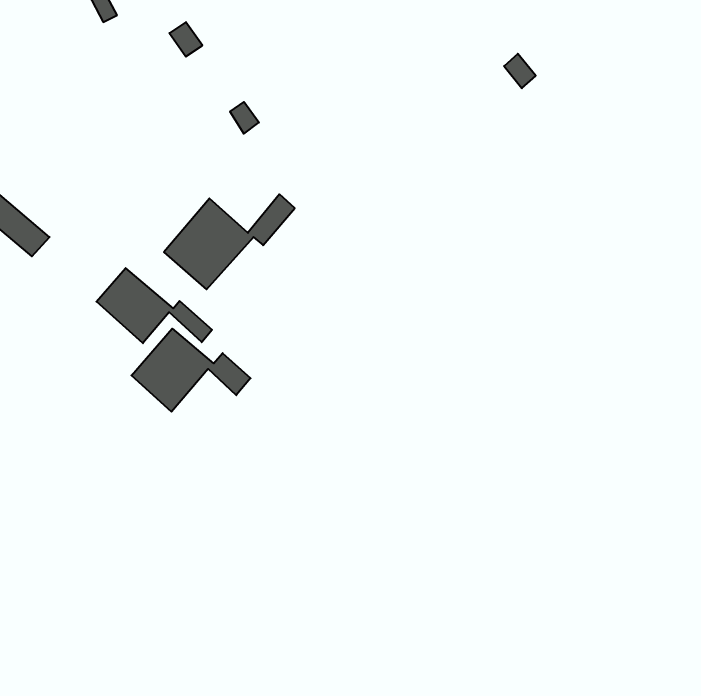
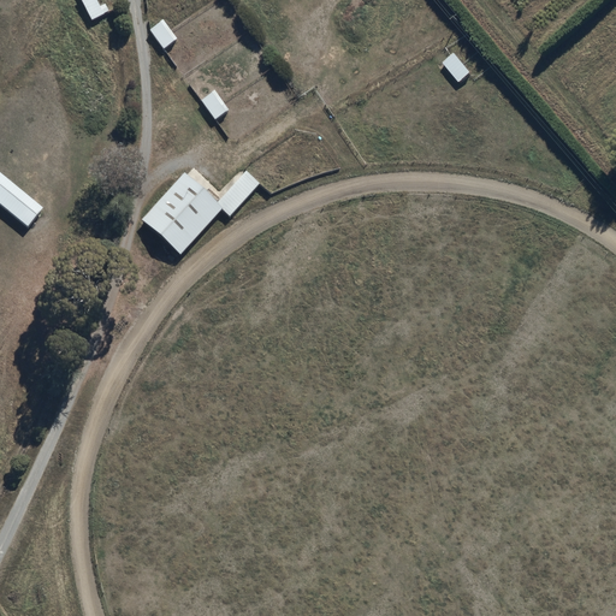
building: [96,268,212,343] -> none
building: [131,329,251,412] -> none

